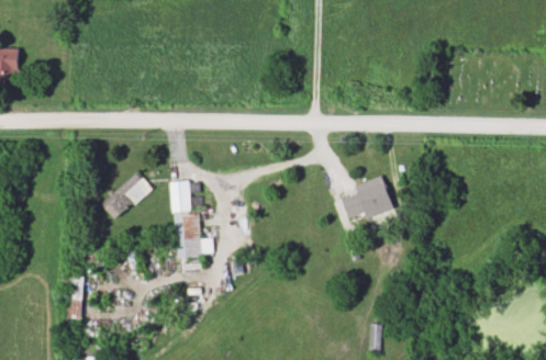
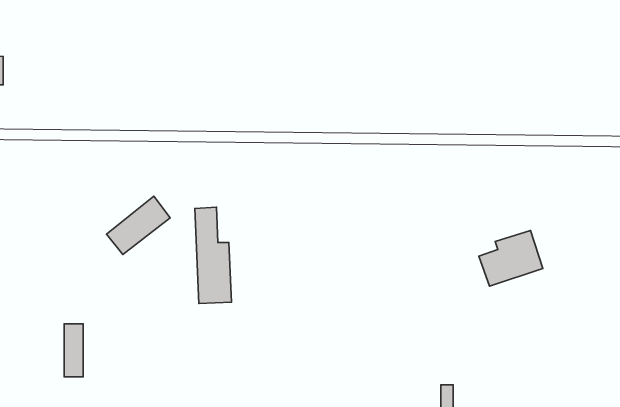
building: [341,176,392,221] -> [479,231,543,286]

